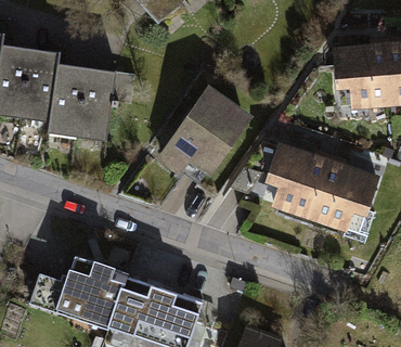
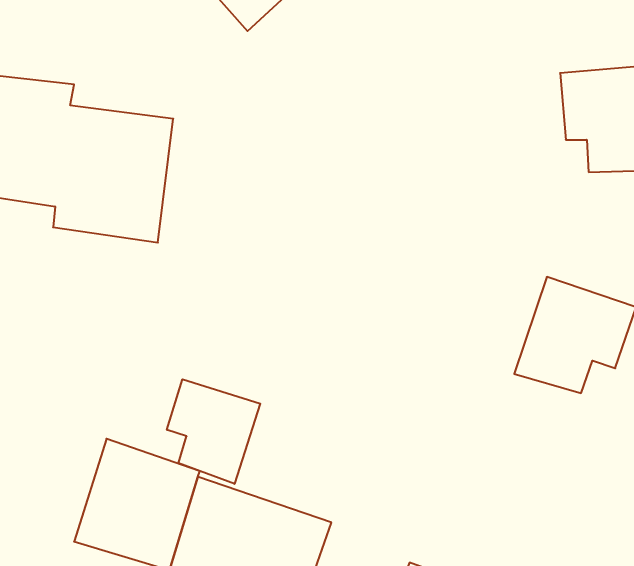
building: [159,92,247,175] -> none
building: [267,146,326,218] -> none
building: none -> [167,379,260,484]

